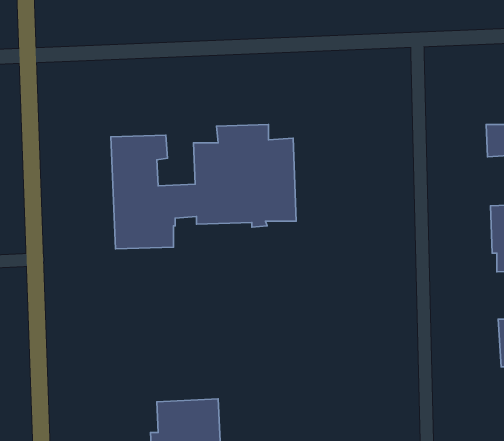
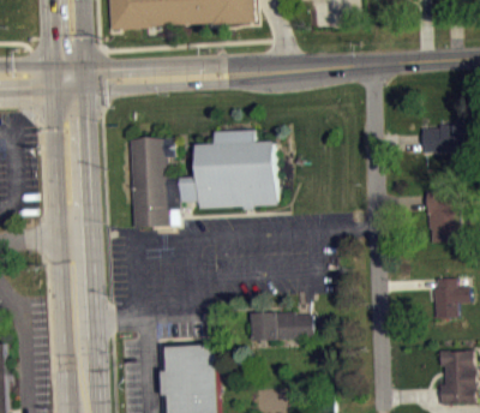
building: none -> [253,312,314,340]

